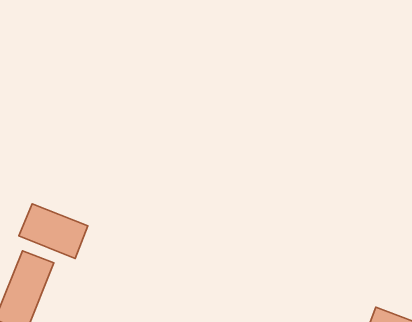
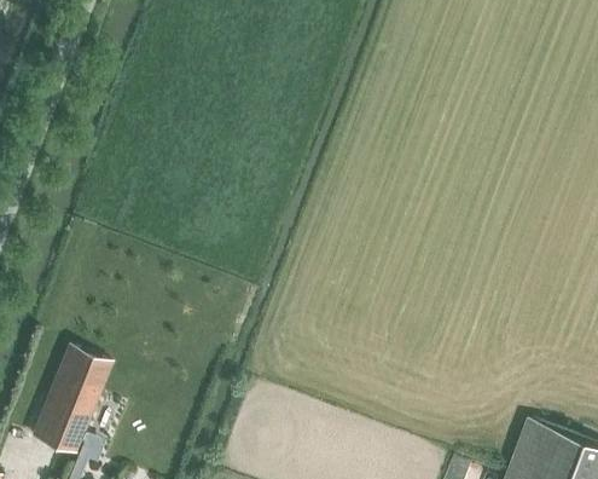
building: [19,204,88,258] -> none

